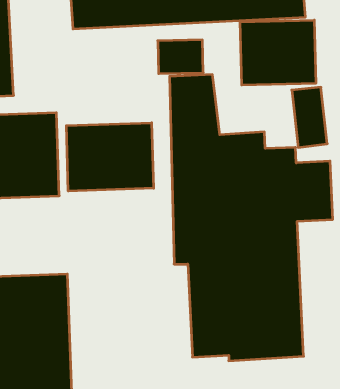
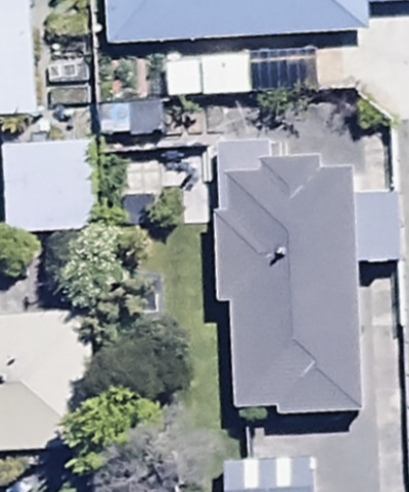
building: [240,20,316,85] -> none
building: [66,123,154,191] -> none

